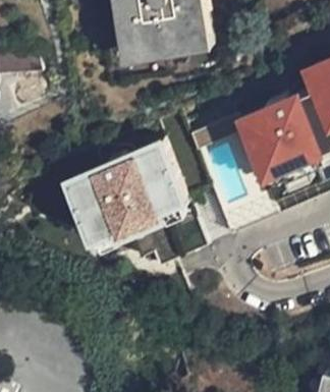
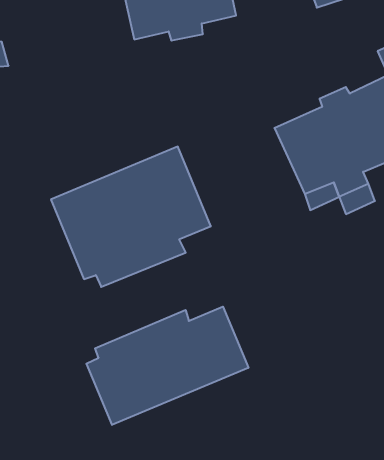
building: none -> [86,307,248,425]

